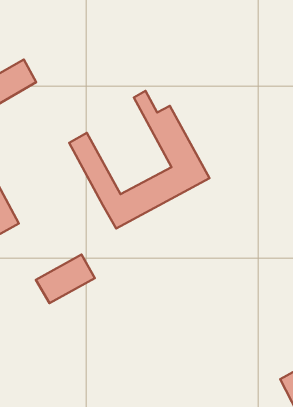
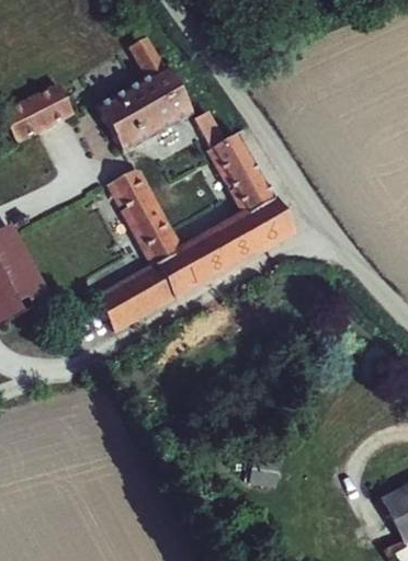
building: none -> [99,30,194,153]
building: [36,254,95,303] -> [98,267,174,331]

